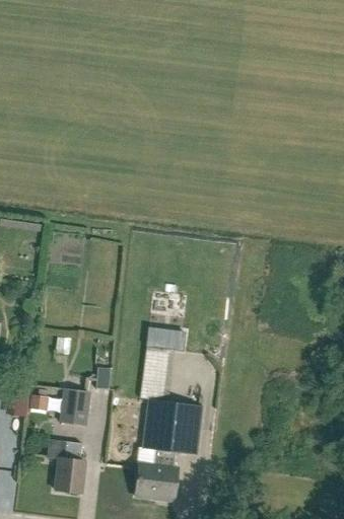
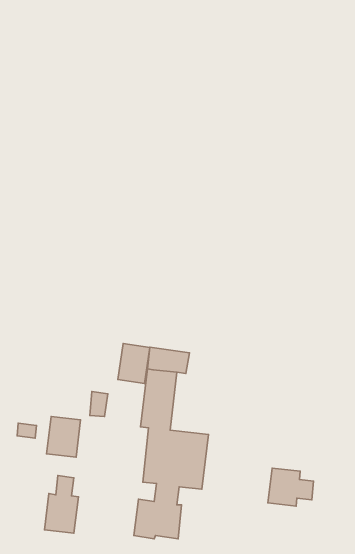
building: none -> [118,343,150,384]
building: none -> [268,468,314,506]

